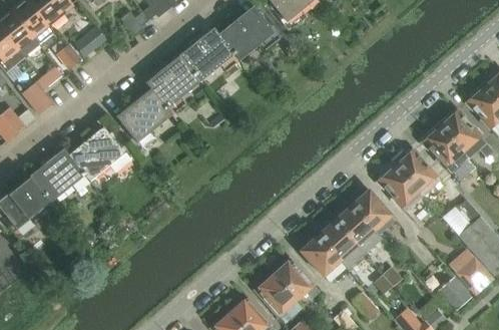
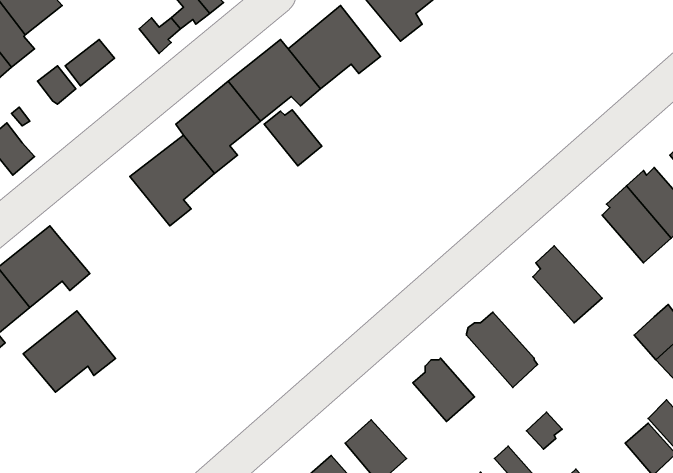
building: none -> [264,110,322,166]
building: [69,126,129,180] -> [23,311,115,392]
building: [393,149,441,196] -> none
building: [353,190,397,235] -> none
building: [319,220,366,260] -> none
building: [274,259,320,300] -> none

